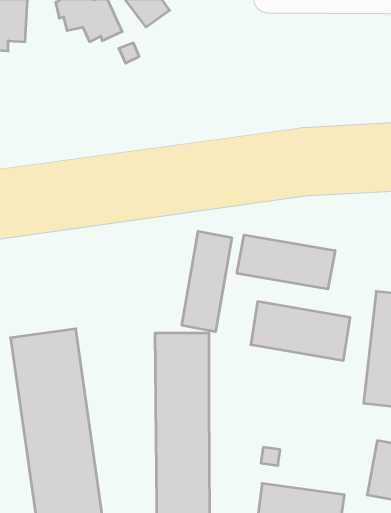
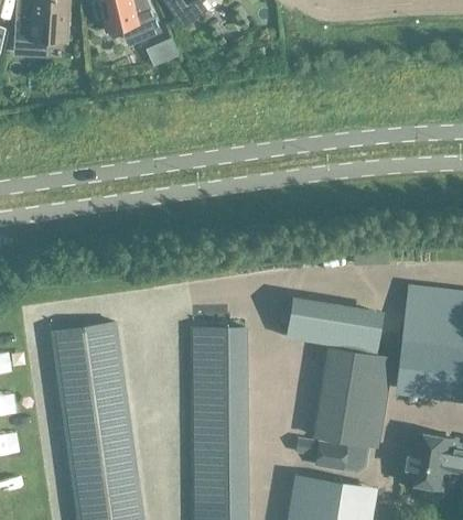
building: [182,231,232,332] -> none
building: [237,235,335,289] -> none
building: none -> [313,350,391,472]

